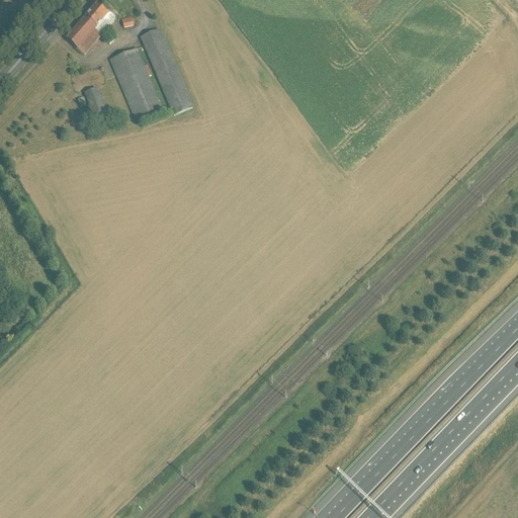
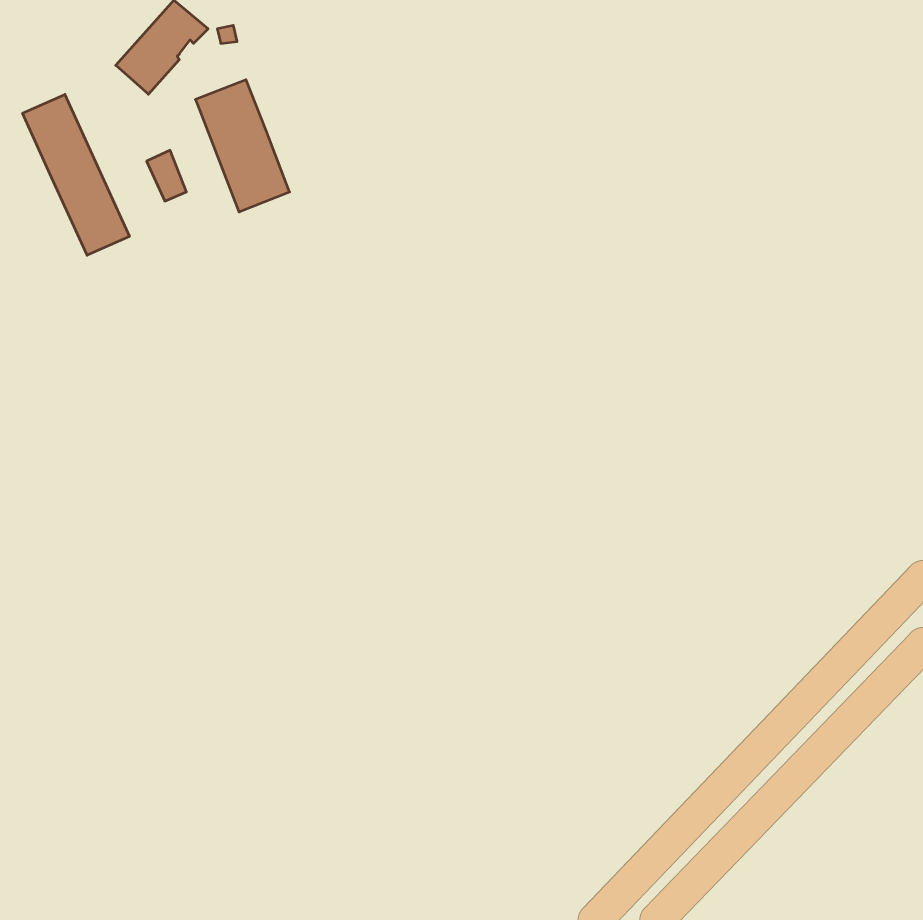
building: [142,25,190,113] -> none
building: none -> [23,94,129,255]

